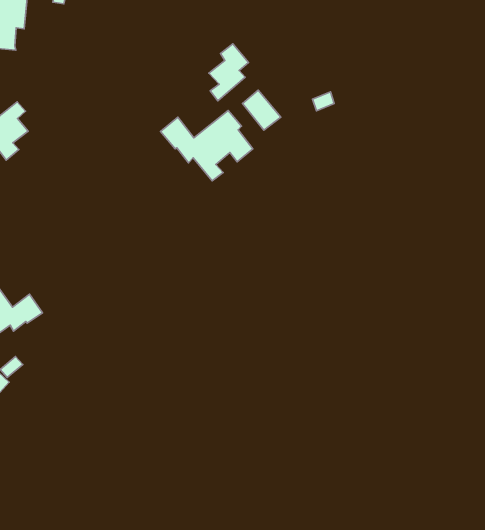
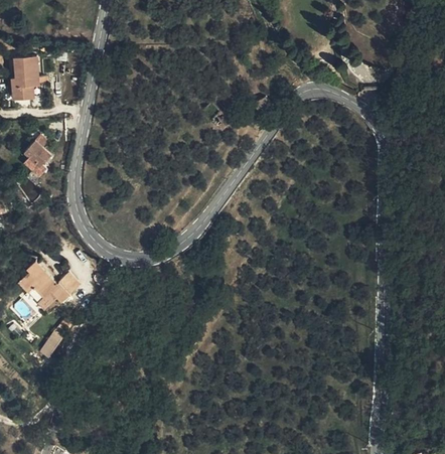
building: [209,44,248,101] -> none
building: [160,111,253,181] -> none

